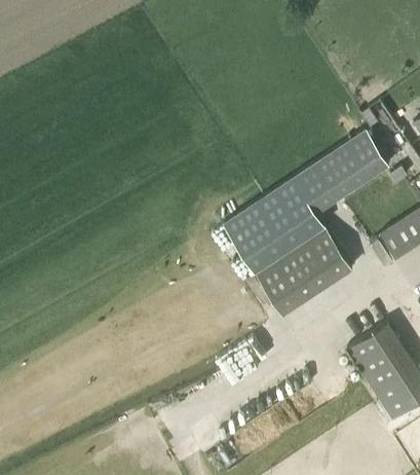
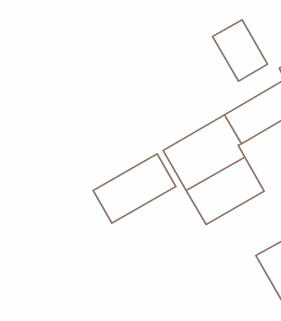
building: none -> [212,20,268,81]
building: none -> [93,154,176,223]

